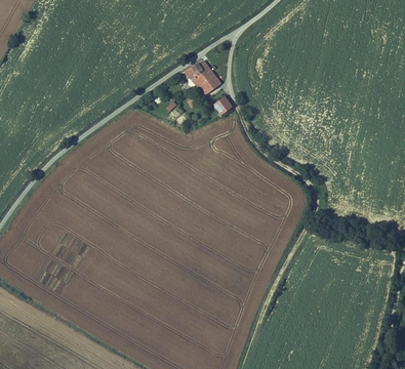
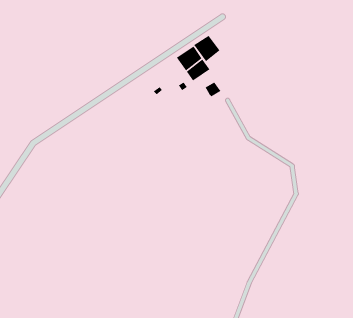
building: none -> [193,35,220,62]

